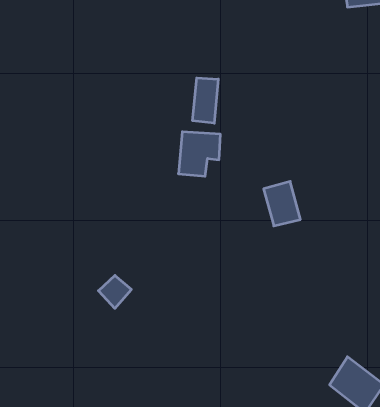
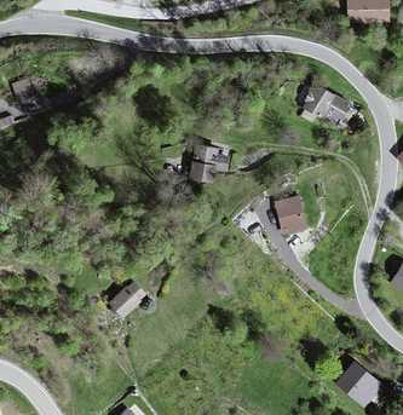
building: none -> [300,83,357,128]
building: [193,78,218,123] -> none

